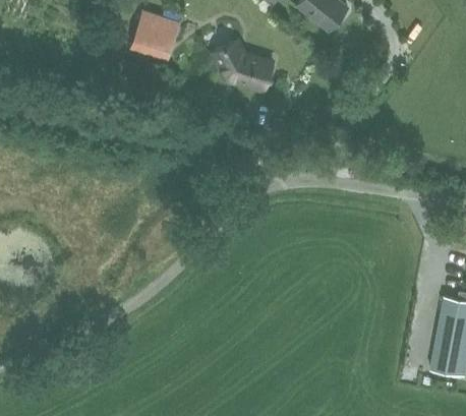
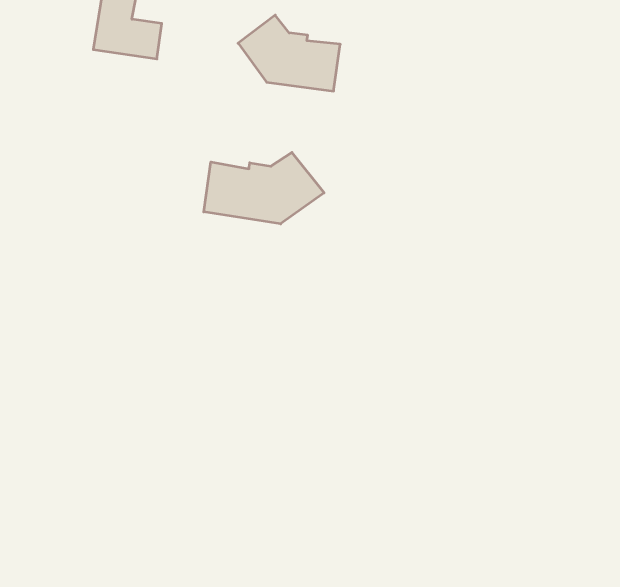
building: none -> [204,152,324,224]

